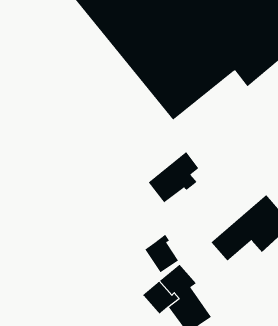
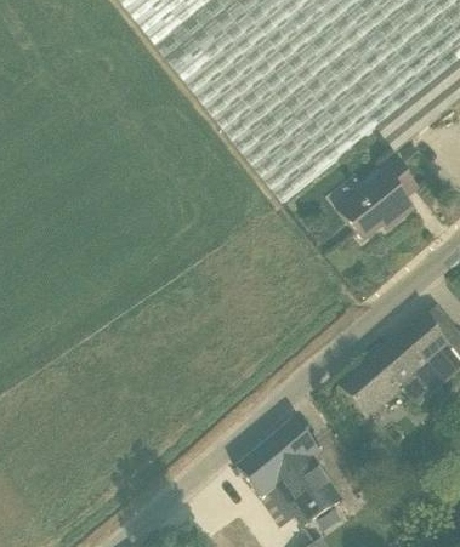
building: [148,151,199,203] -> [339,160,416,239]
building: [144,234,179,273] -> none

